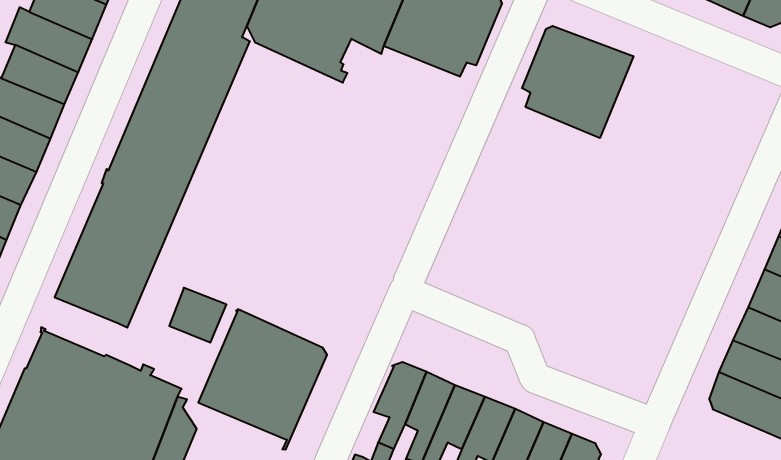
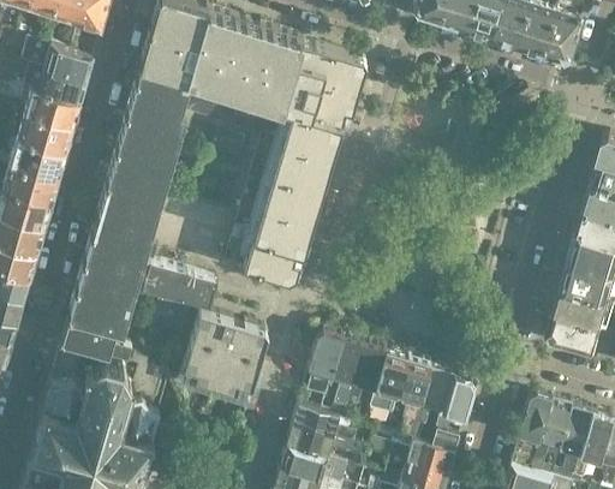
building: [522,26,633,138] -> none
building: none -> [240,111,341,286]
building: none -> [142,266,219,311]
building: none -> [60,321,132,364]

